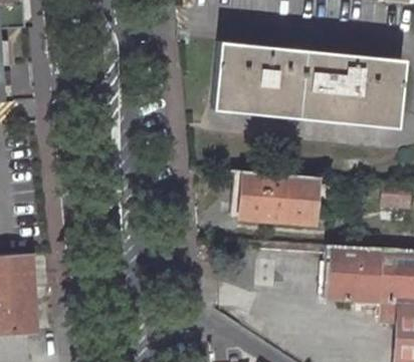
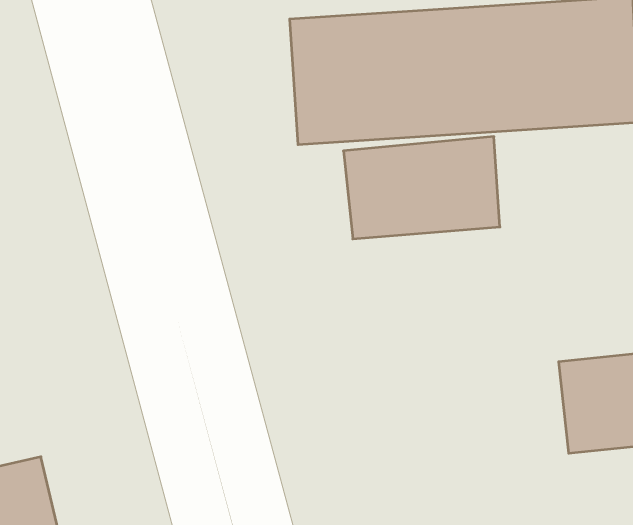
building: [233,172,319,228] -> [343,137,500,239]

